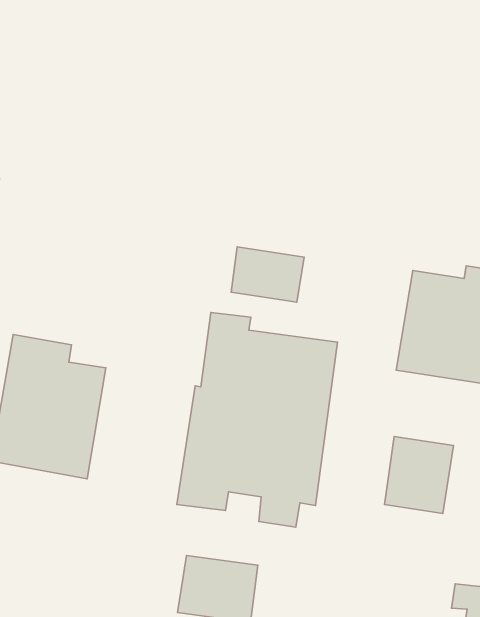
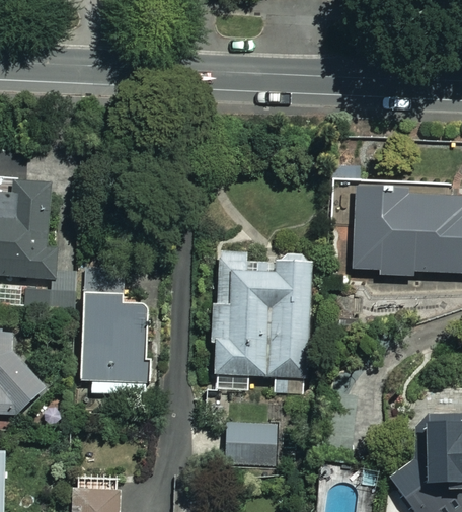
building: [231,247,304,302] -> none
building: [385,436,453,513] -> none

